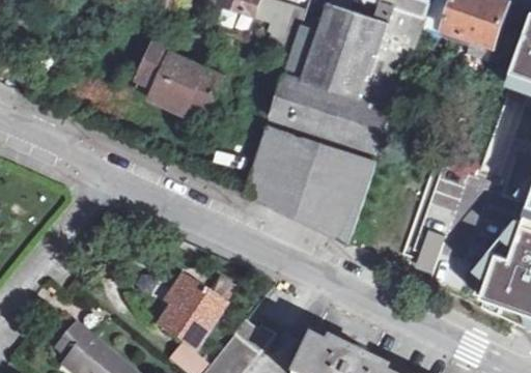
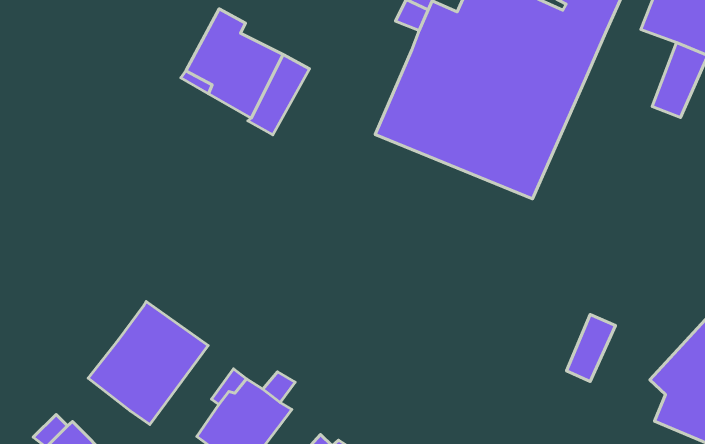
building: [246,126,372,238] -> none
building: none -> [88,302,208,425]

